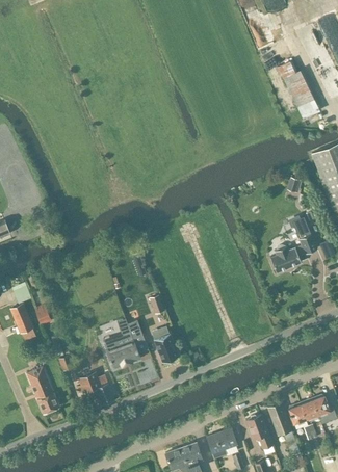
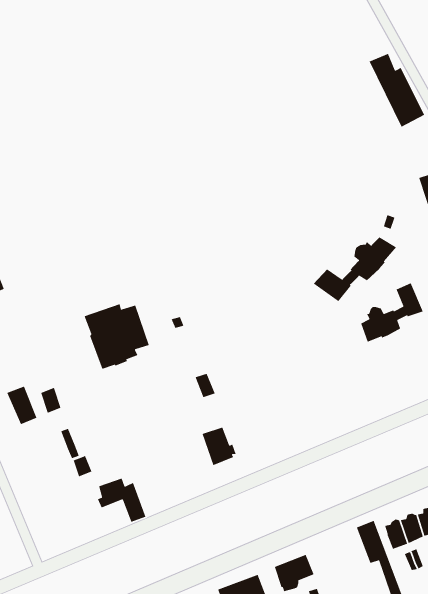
building: none -> [313,236,397,302]
building: [99,319,148,368] -> [83,303,150,370]
building: [27,368,59,415] -> none
building: [245,415,272,449] -> none

